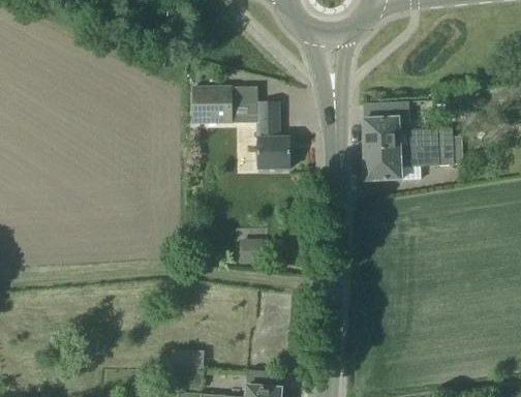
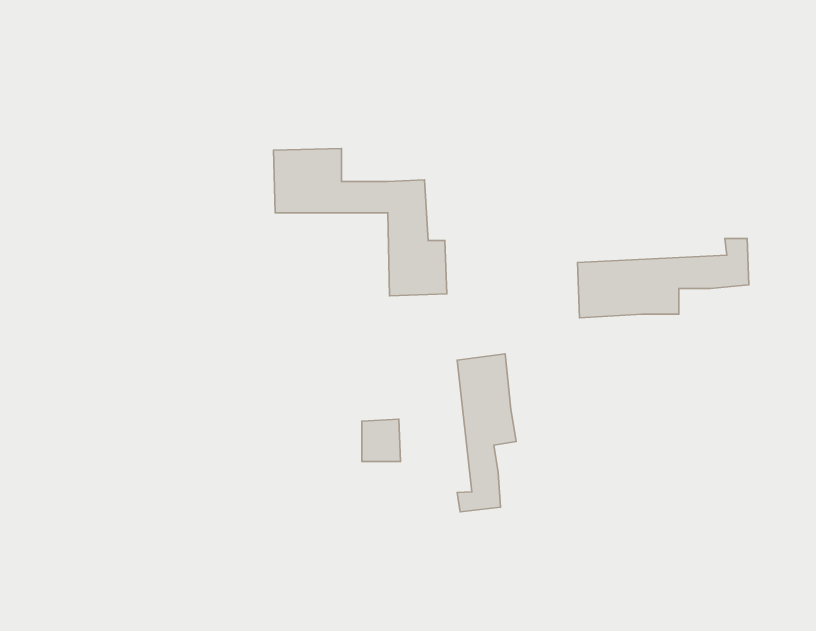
building: [362,117,451,149] -> none
building: none -> [457,354,516,512]

